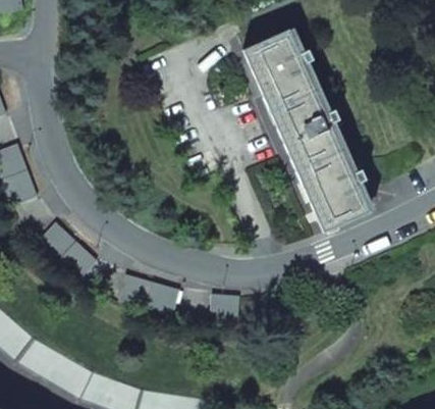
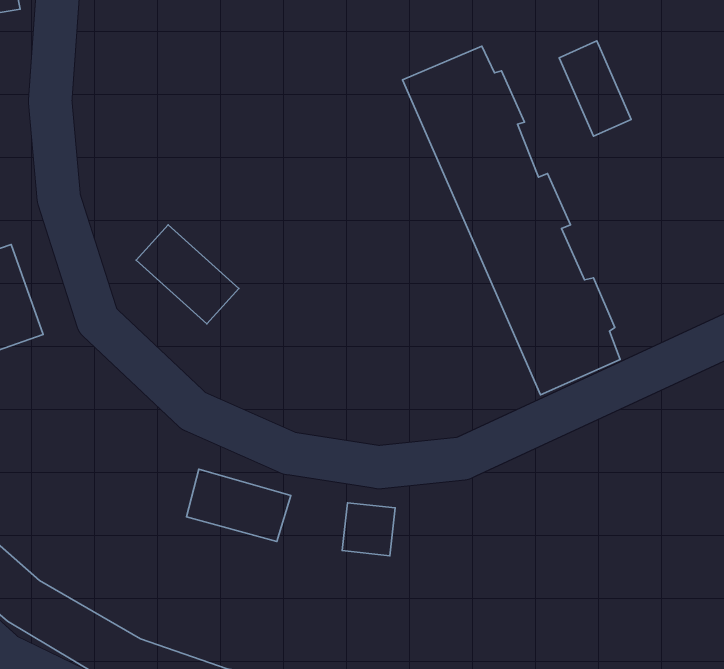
building: none -> [559,41,631,136]
building: [38,223,97,280] -> [136,225,239,324]

